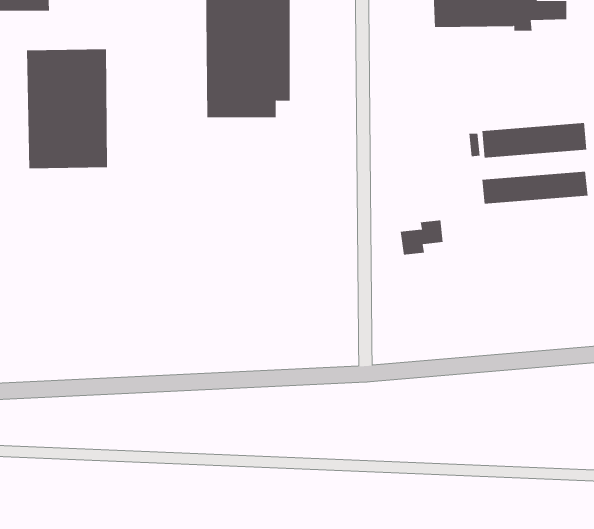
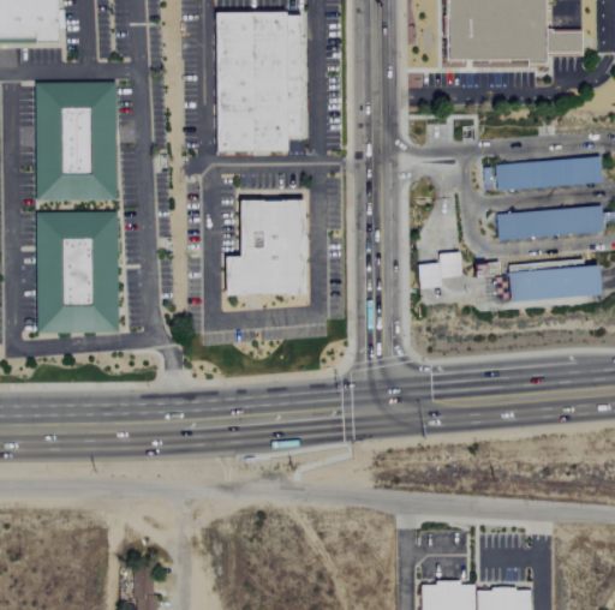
building: none -> [227,199,306,295]
building: none -> [36,210,120,334]
building: none -> [508,265,602,303]

